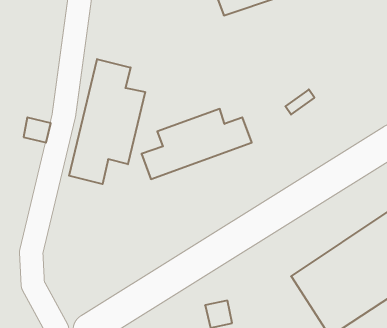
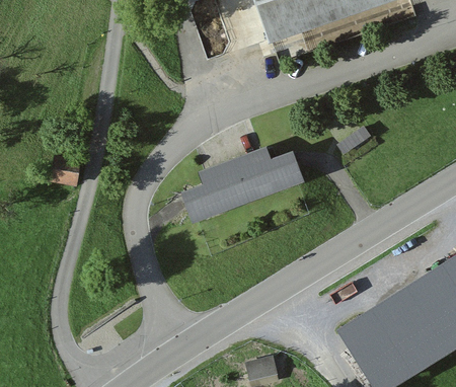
building: [69,59,145,184] -> none

